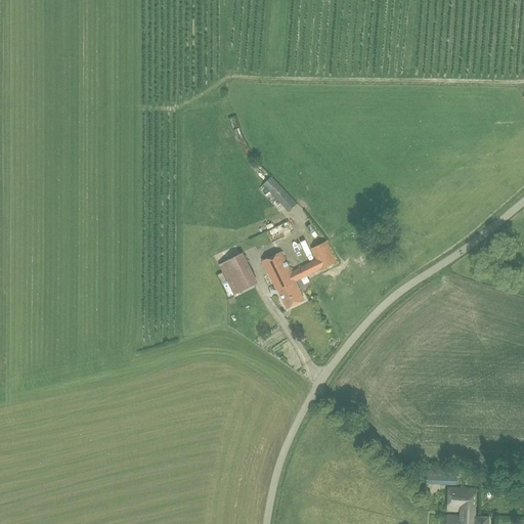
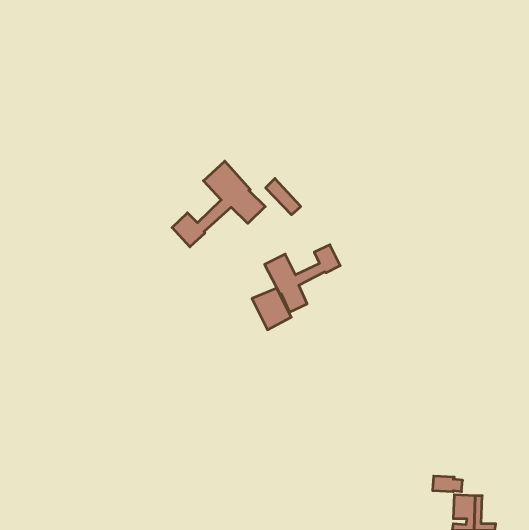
building: none -> [172,161,265,247]
building: [218,254,257,295] -> [252,288,291,330]

